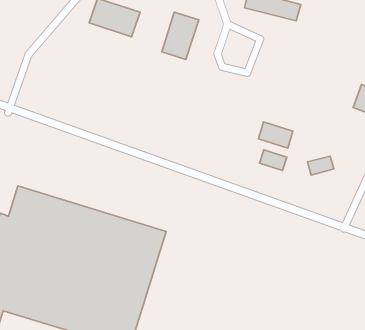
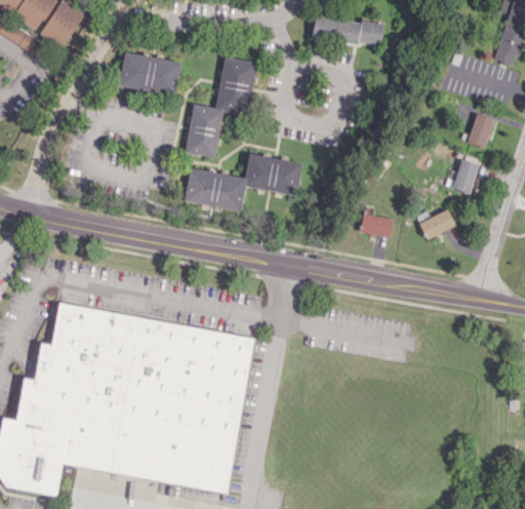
building: none -> [186,105,224,158]
building: none -> [185,154,302,211]
building: none -> [446,160,478,193]
building: [258,122,293,148] -> none

